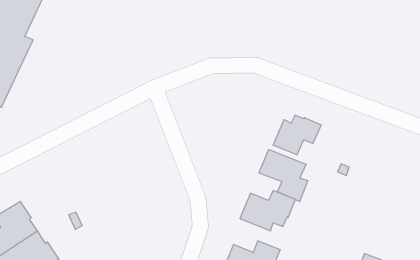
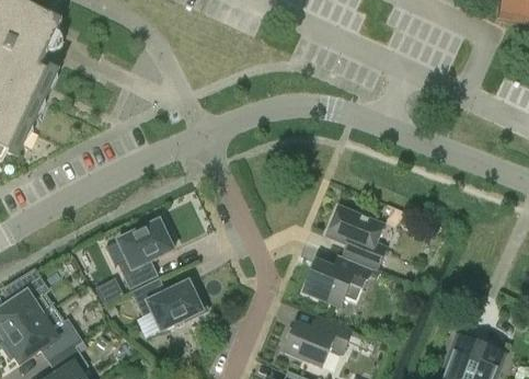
building: [273,115,321,155] -> none
building: none -> [117,216,173,286]
building: none -> [131,278,207,330]

